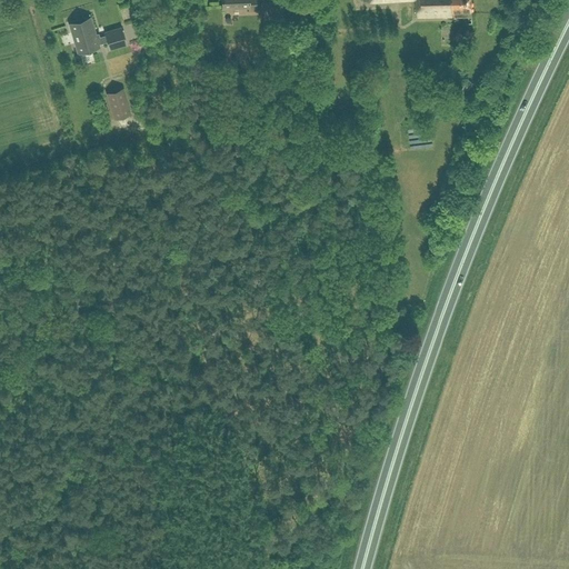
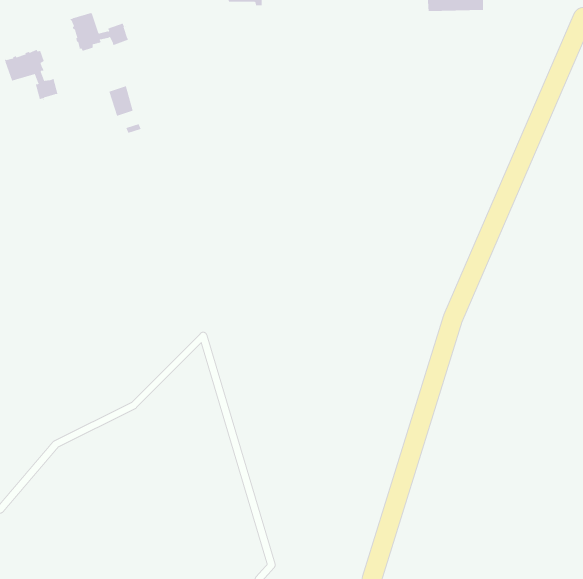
building: none -> [5,49,58,101]

